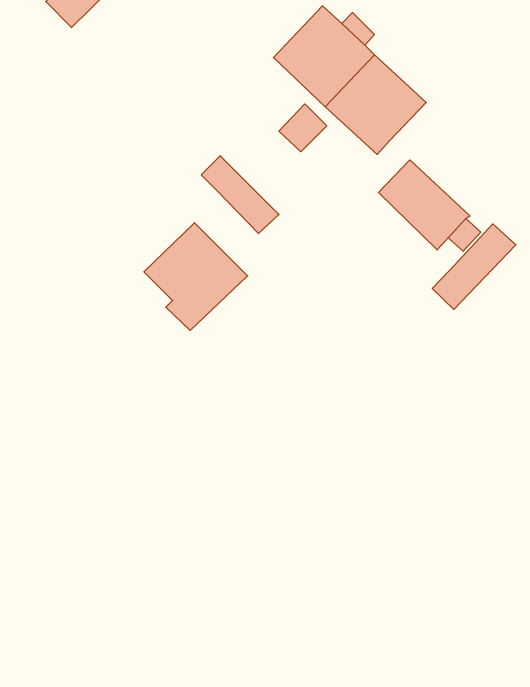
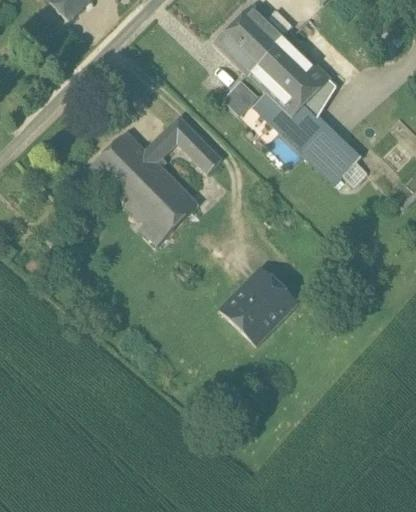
building: none -> [256,93,317,143]
building: none -> [89,130,176,201]
building: [432,224,516,309] -> none
building: none -> [218,267,297,346]

